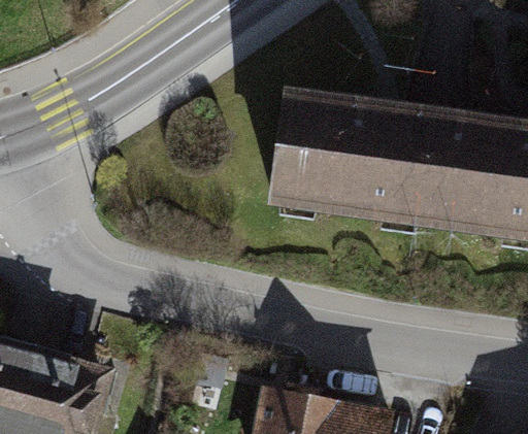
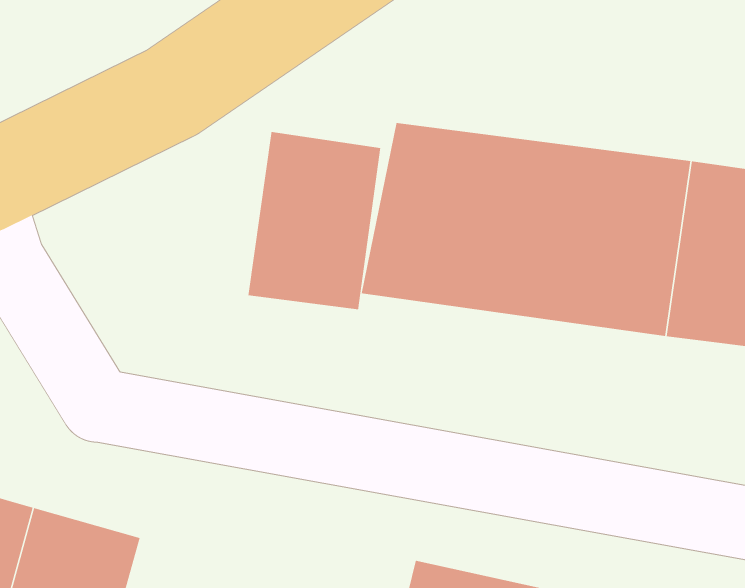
building: none -> [248,131,381,310]

